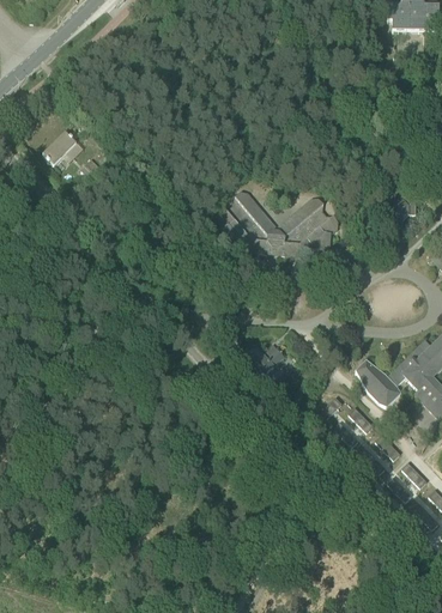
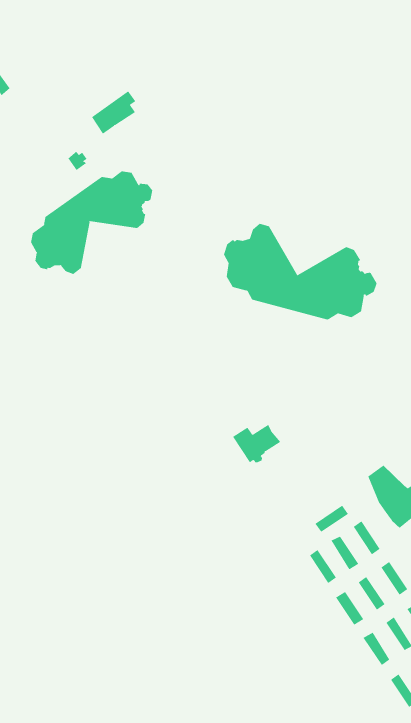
building: [43,128,77,165] -> [91,91,136,135]
building: none -> [31,171,153,275]

